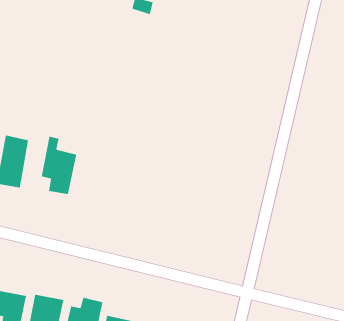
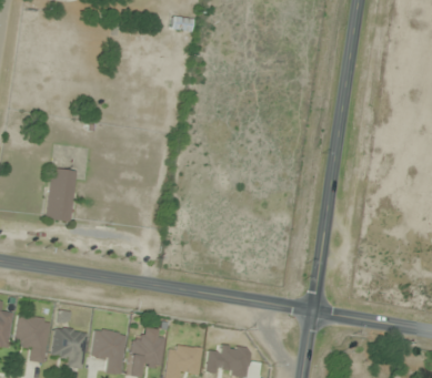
building: [41,136,77,195] -> none

